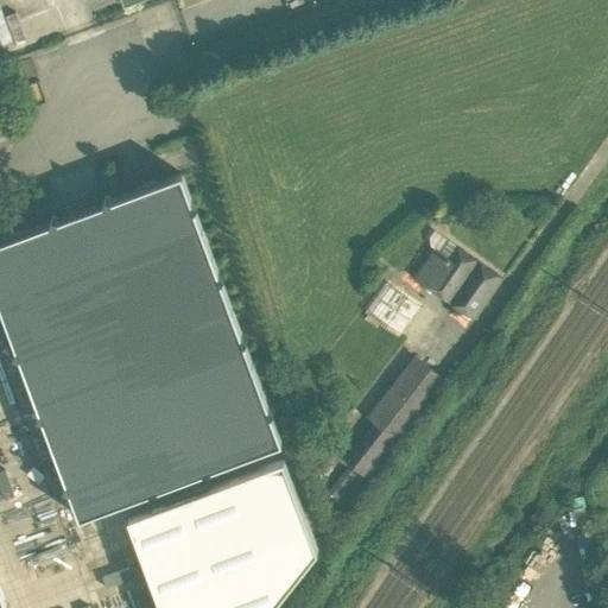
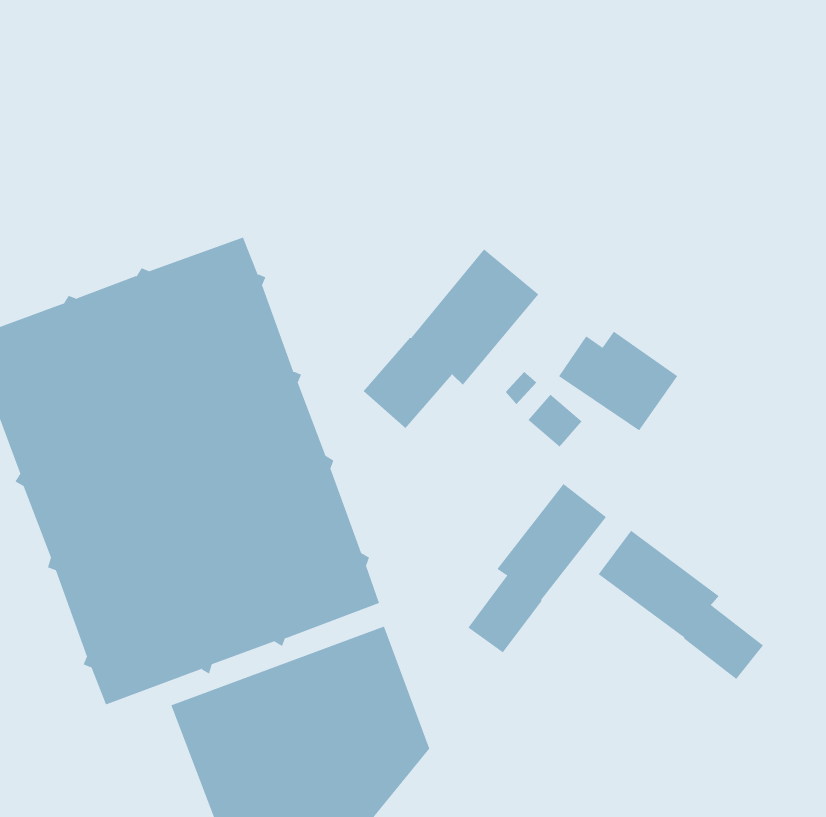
building: none -> [363,248,539,429]
building: none -> [598,530,764,680]

